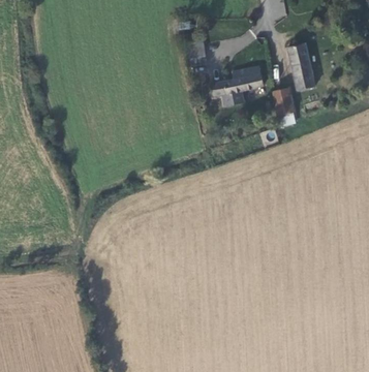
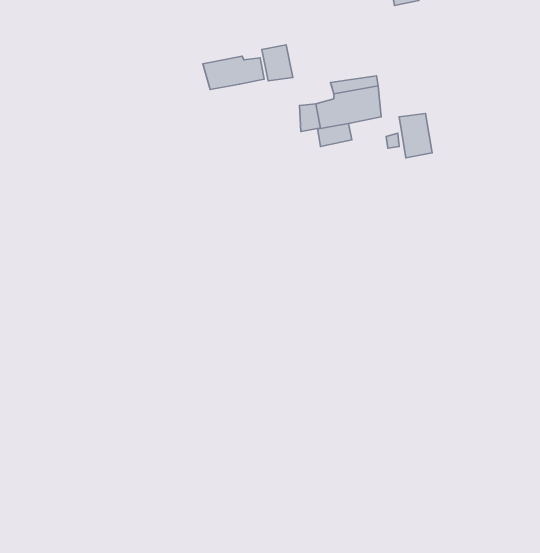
building: [288,43,314,91] -> none
building: none -> [203,56,264,90]

